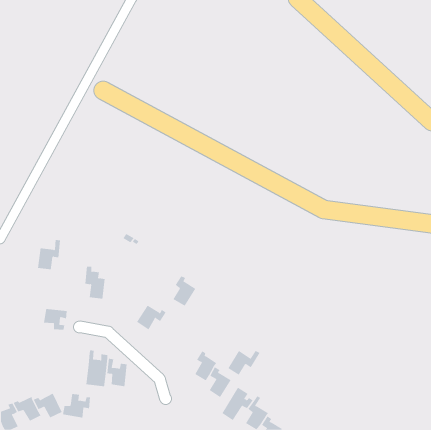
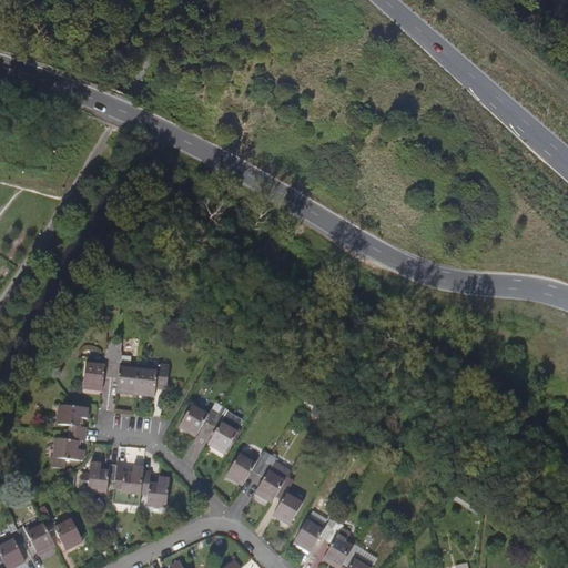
building: [37,239,61,270] -> [83,348,114,388]
building: [172,275,196,307] -> [209,410,240,452]
building: none -> [136,365,171,396]
building: none -> [50,433,85,468]
building: [227,350,260,376] -> [227,449,271,483]
building: [62,394,91,418] -> [80,459,118,491]

